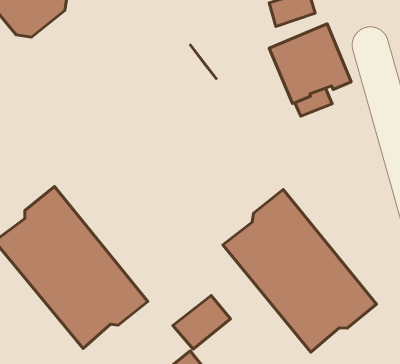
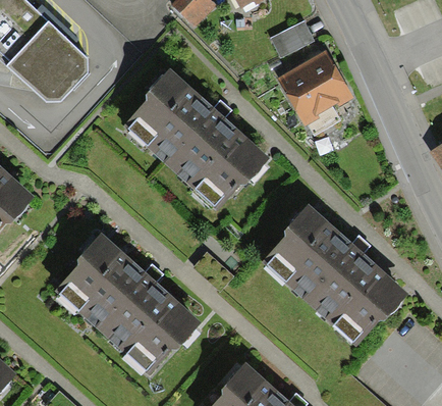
building: none -> [124,67,270,209]
building: [173,296,230,349] -> none

